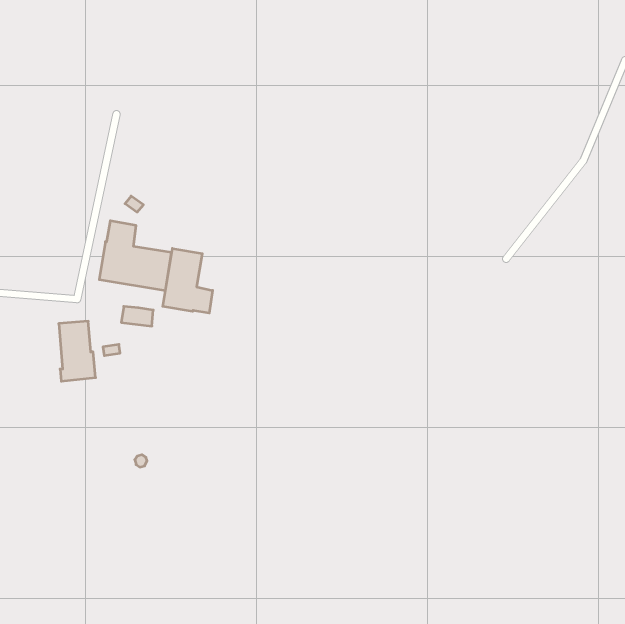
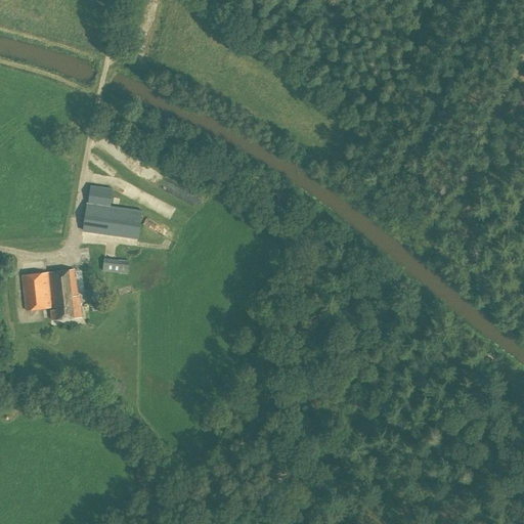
building: [163,248,213,313] -> none
building: none -> [21,270,51,308]

